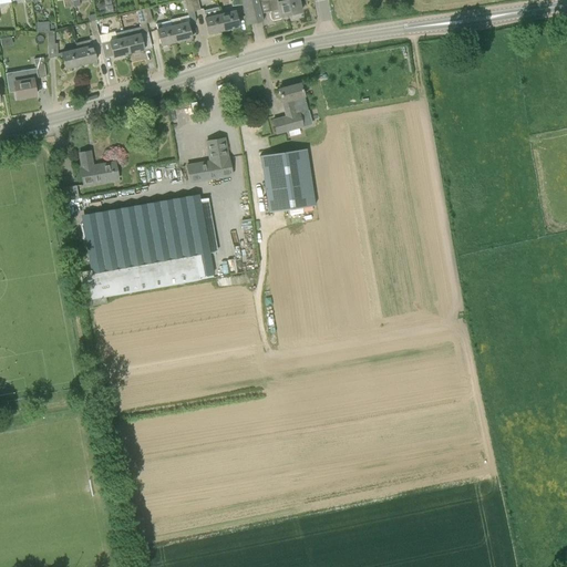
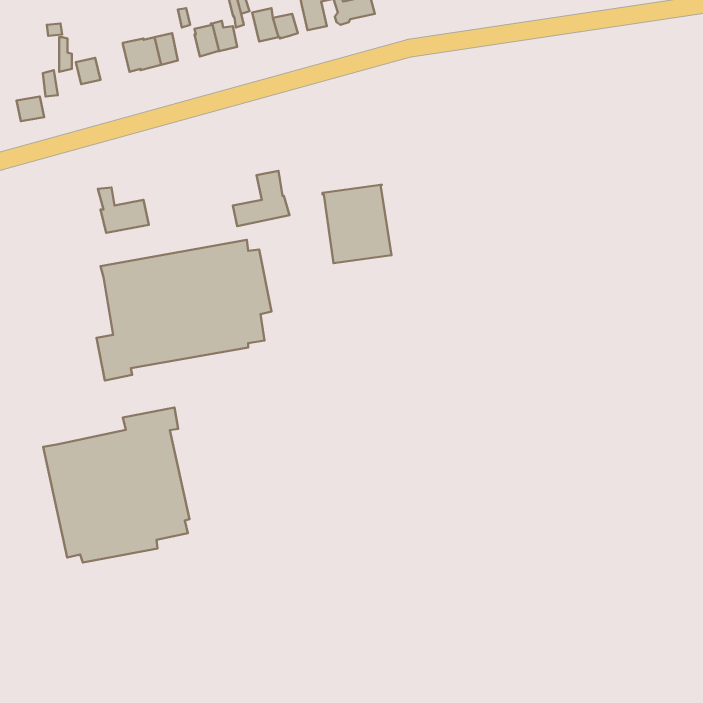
building: [76,20,102,64] -> none
building: [274,82,309,138] -> none
building: none -> [43,408,190,563]

